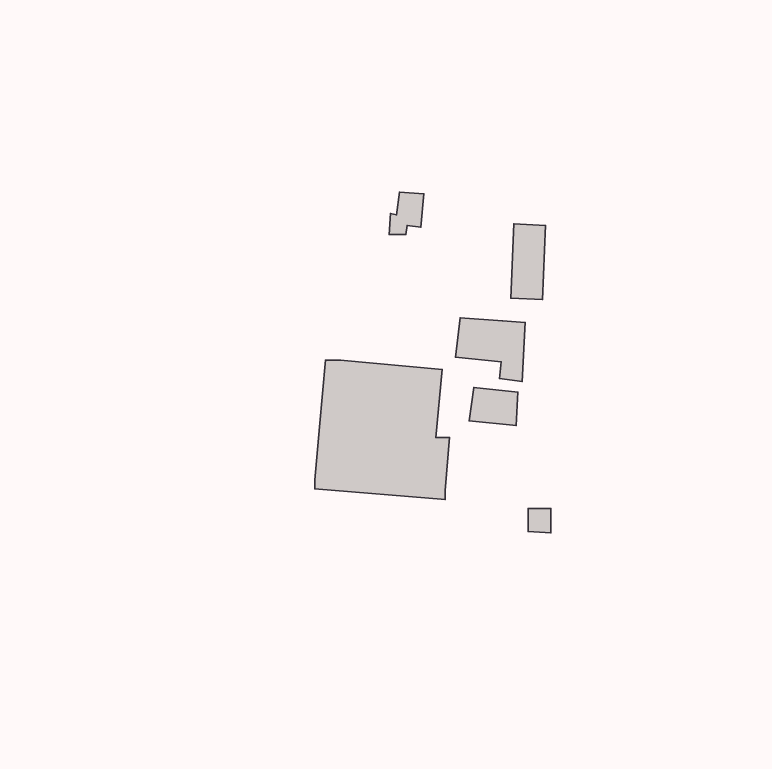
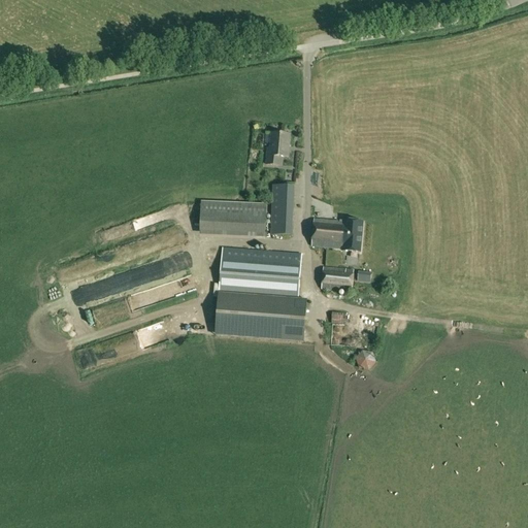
building: [511,224,546,300] -> [270,183,294,234]
building: none -> [199,199,266,235]

